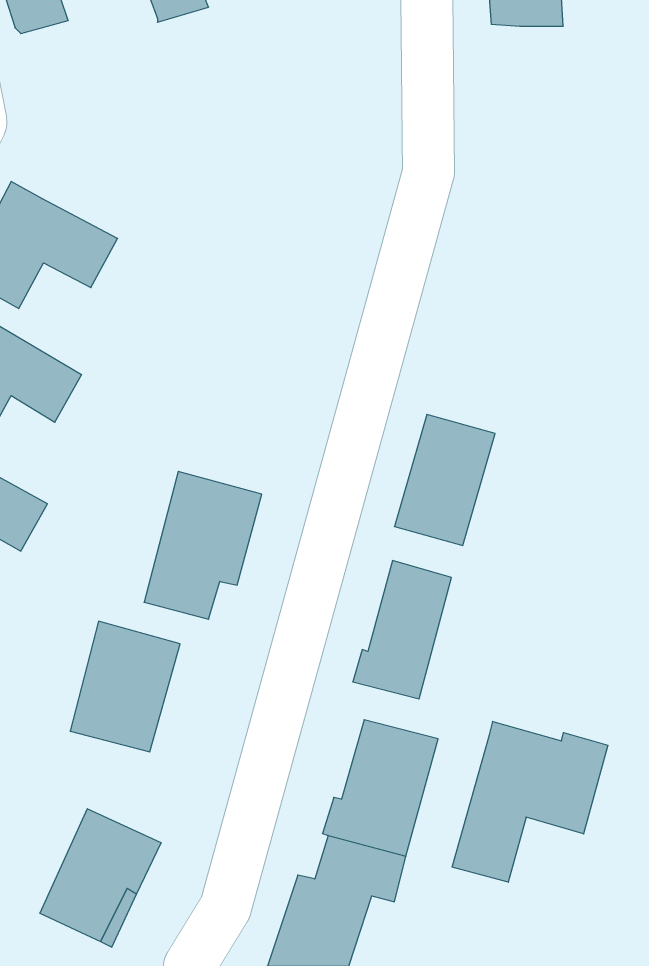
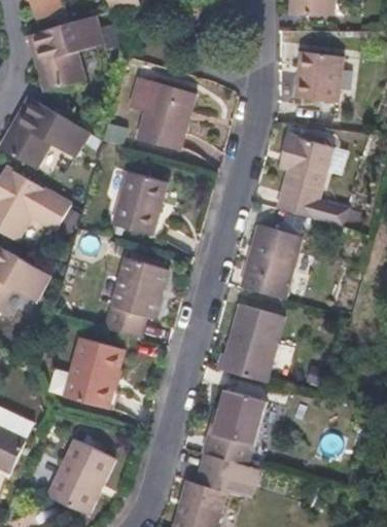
building: none -> [34,14,105,91]
building: none -> [295,54,342,106]
building: none -> [137,80,196,149]
building: none -> [272,137,348,227]
building: none -> [113,170,167,235]
building: [452,721,608,882] -> none

